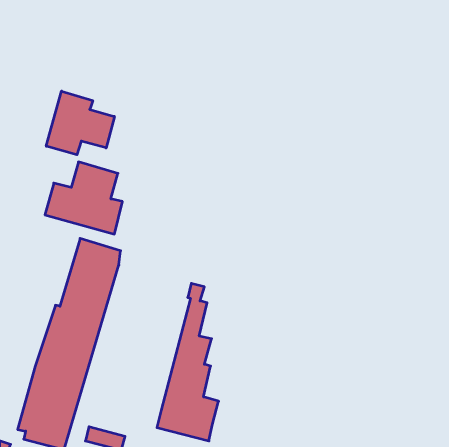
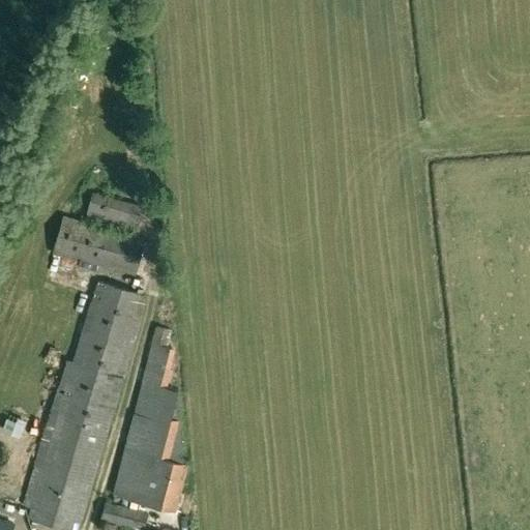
building: [46,91,114,155] -> none
building: [157,283,219,441] -> [115,328,187,513]

